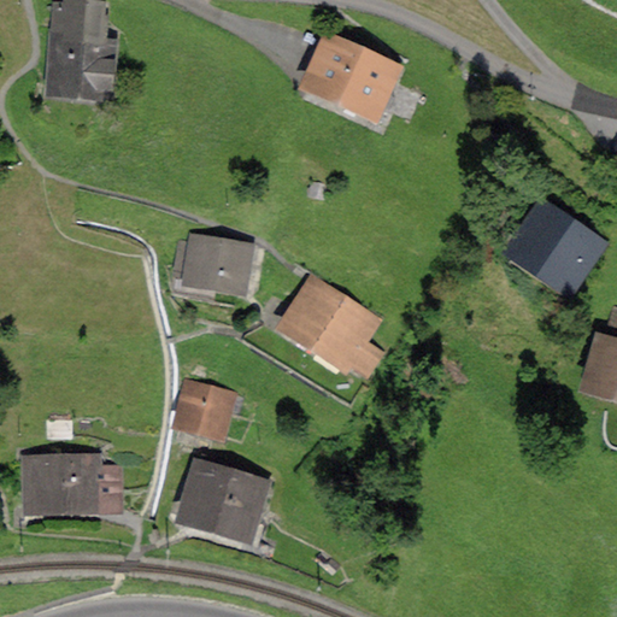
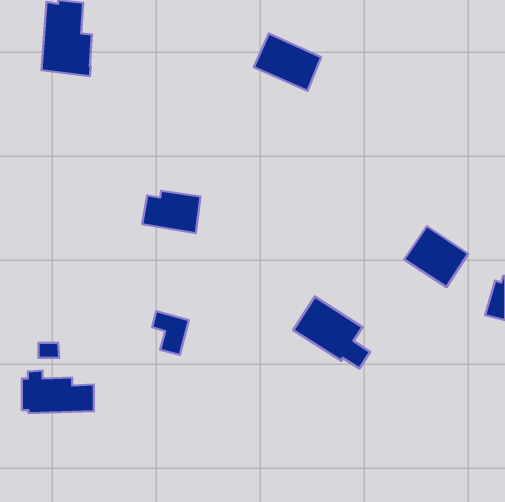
building: [517,212,595,287] -> [404,226,468,287]
building: [287,286,381,374] -> [293,296,370,369]
building: [187,459,259,536] -> none

